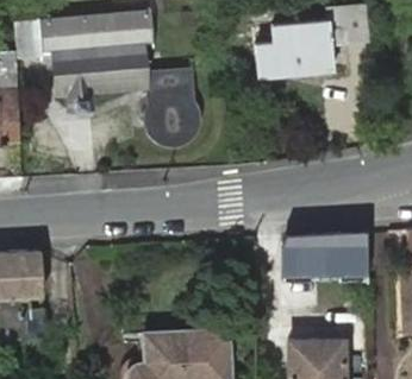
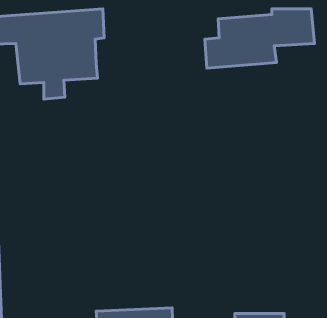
building: [142,68,204,146] -> none
building: [281,233,366,282] -> none

